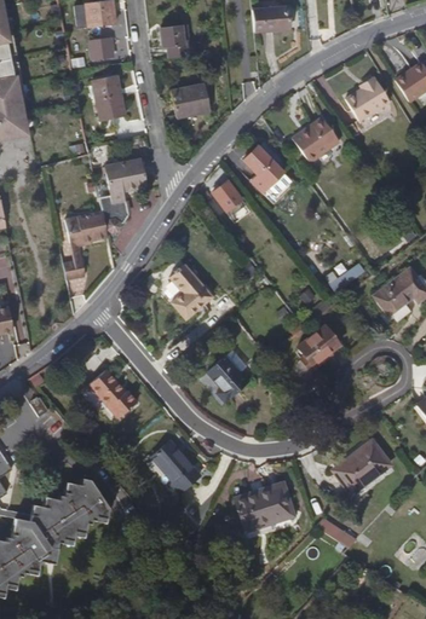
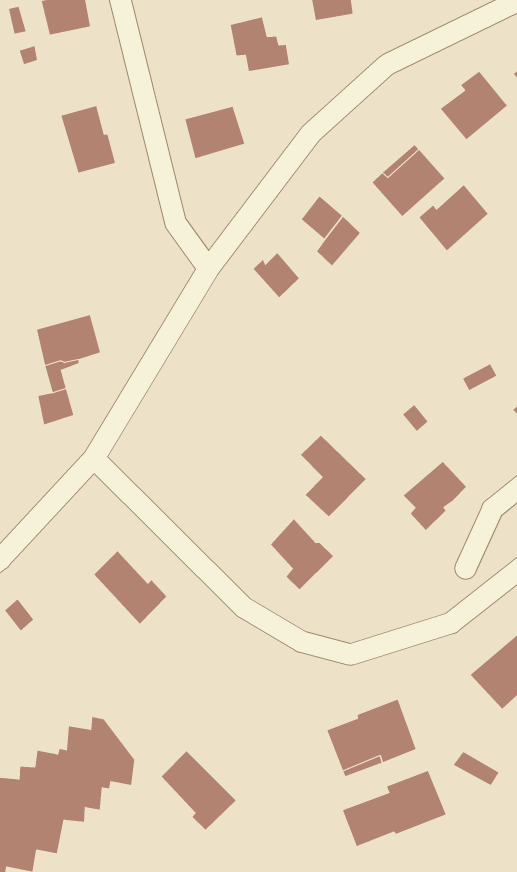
building: [160,23,197,58] -> [230,17,290,71]
building: [87,37,114,60] -> none
building: none -> [419,184,488,251]
building: [104,162,145,232] -> none
building: [169,265,212,319] -> [300,435,366,517]
building: [152,440,201,493] -> [161,751,236,830]
building: none -> [342,770,447,847]

